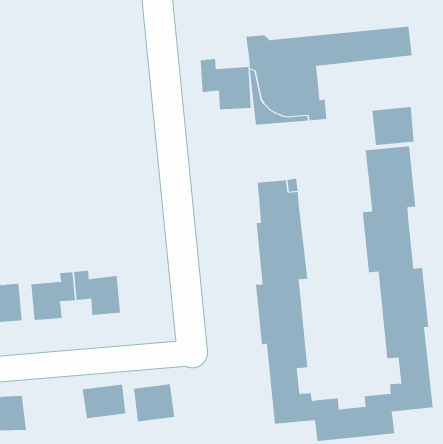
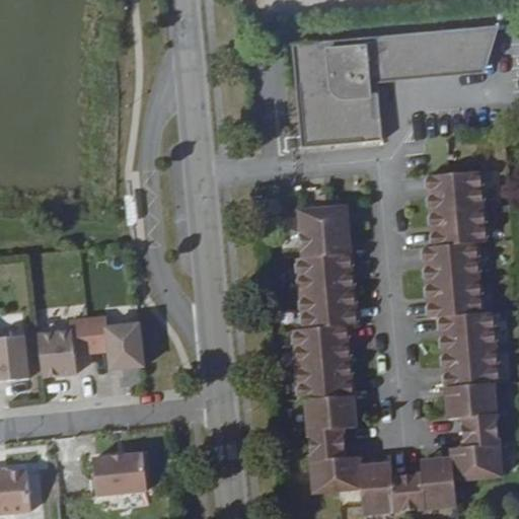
building: [200,58,251,110] -> none
building: [372,106,414,146] -> none
building: [134,384,175,422] -> none

